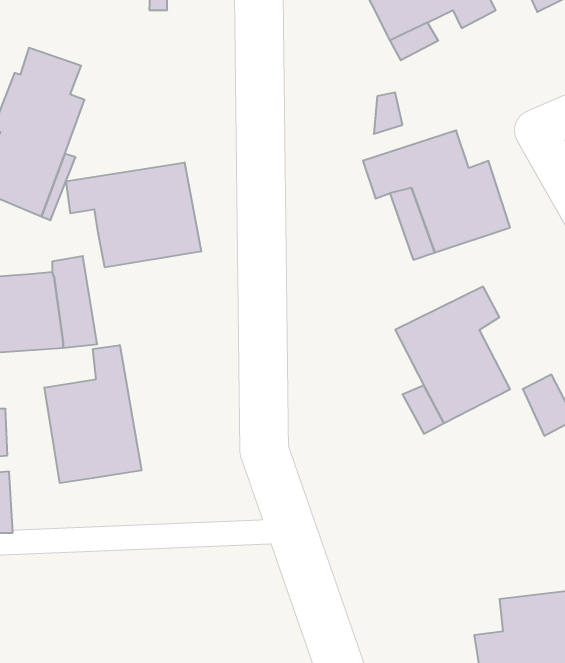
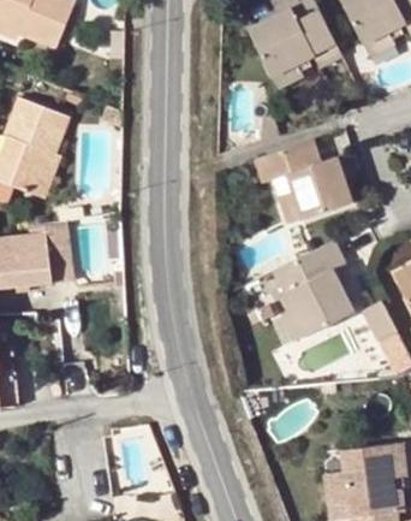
building: [66,162,201,267] -> none
building: [44,345,142,483] -> none

